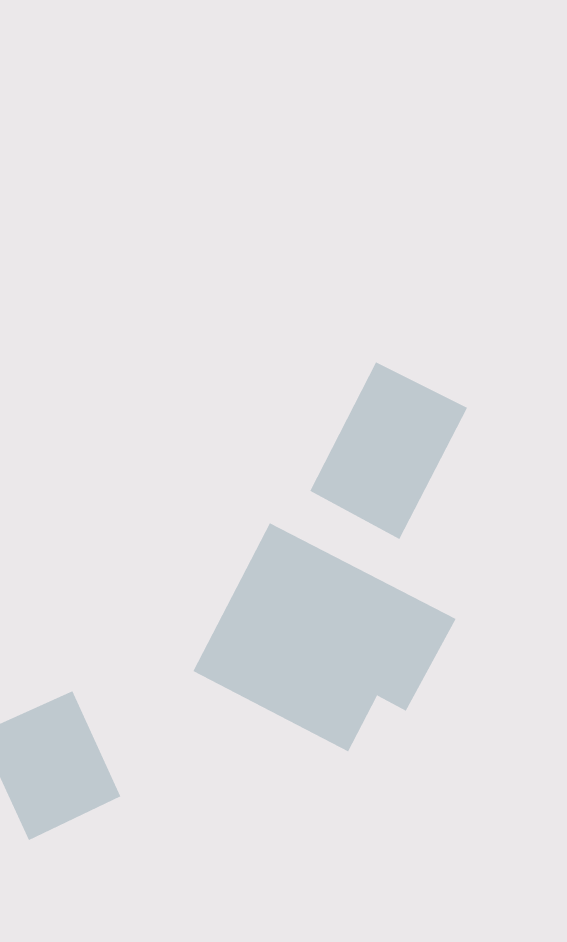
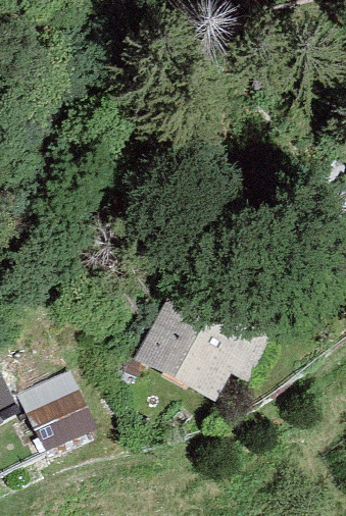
building: [310,362,468,540] -> none

